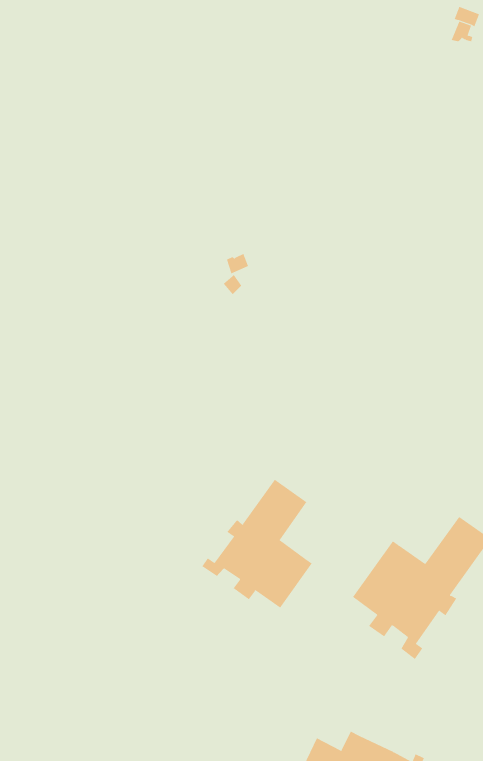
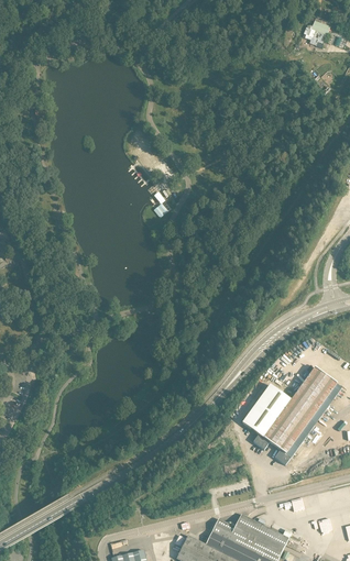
building: [201,479,313,608] -> none

